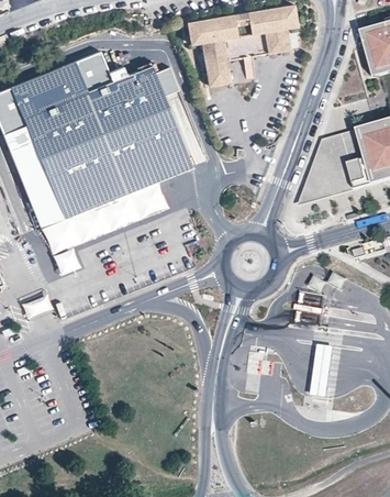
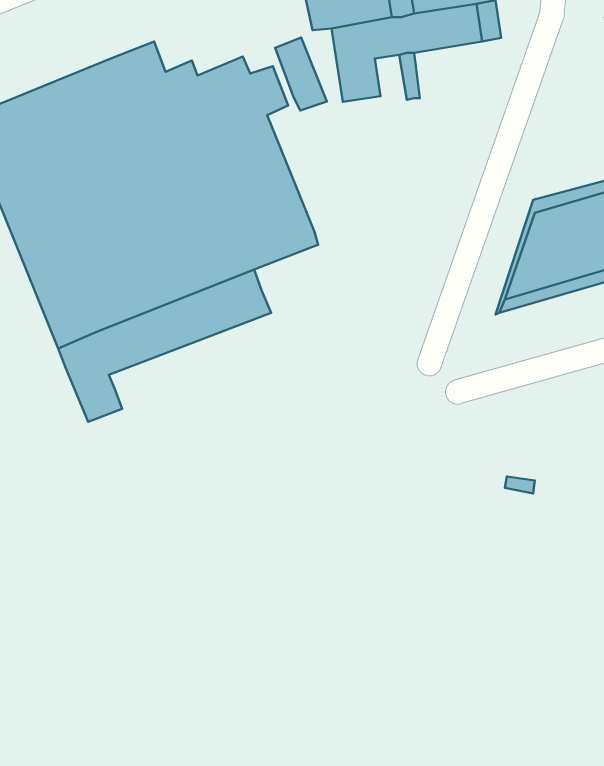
building: none -> [275,37,327,111]
building: [312,344,335,396] -> none

